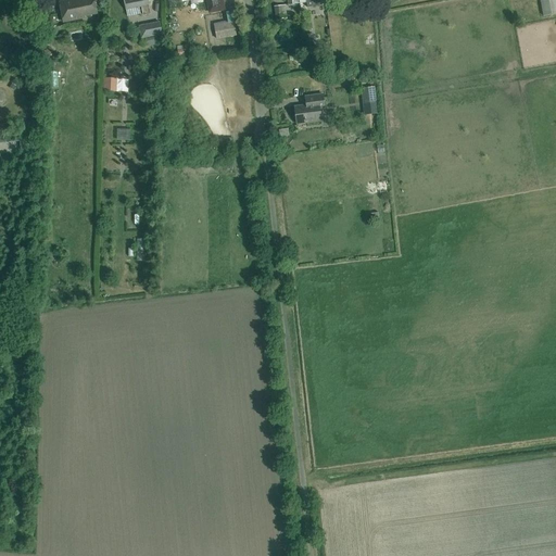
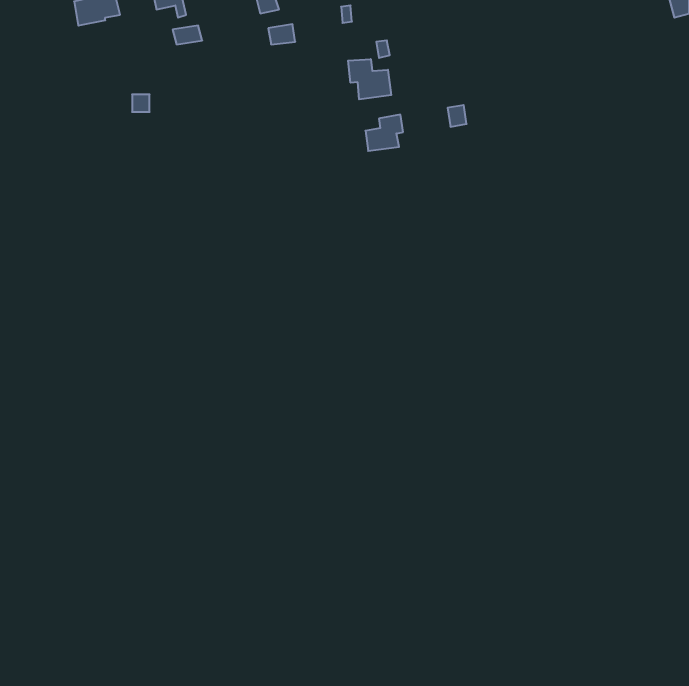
building: none -> [348,59,391,99]

